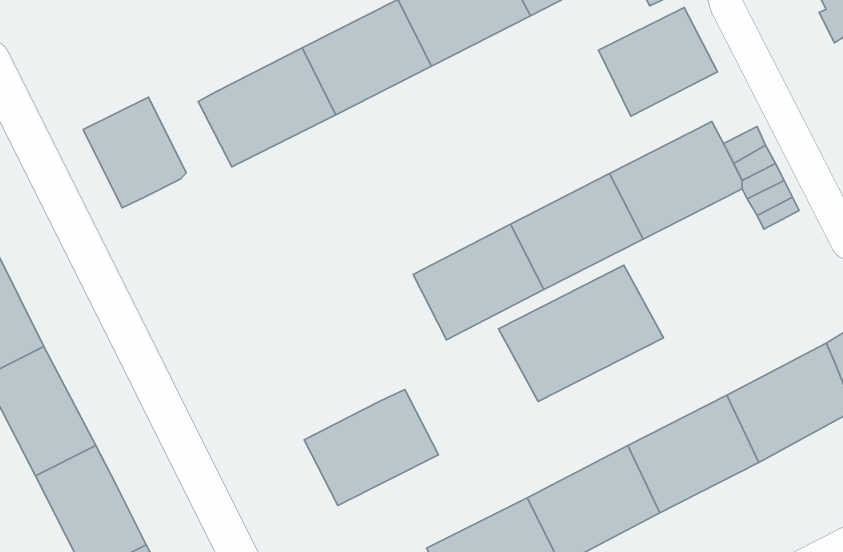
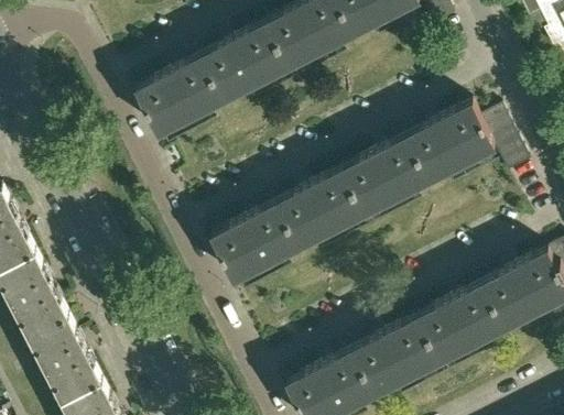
building: [598,7,718,116] -> none
building: [83,97,186,208] -> none
building: [498,265,664,402] -> none
building: [304,389,438,505] -> [209,207,297,283]

